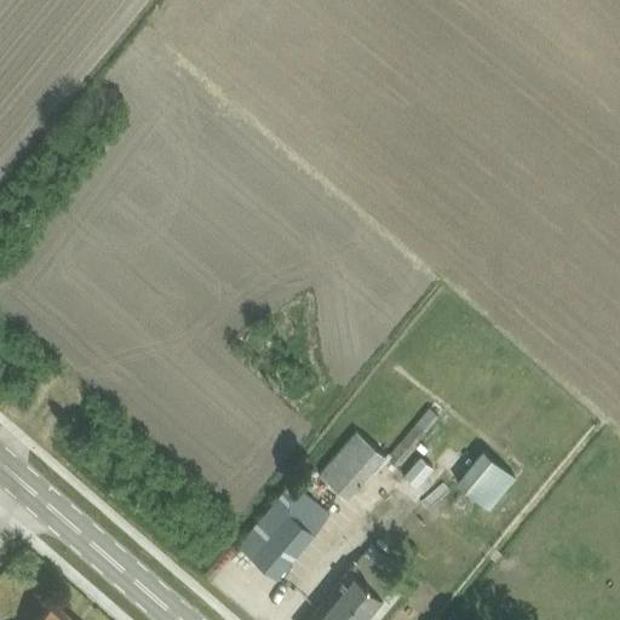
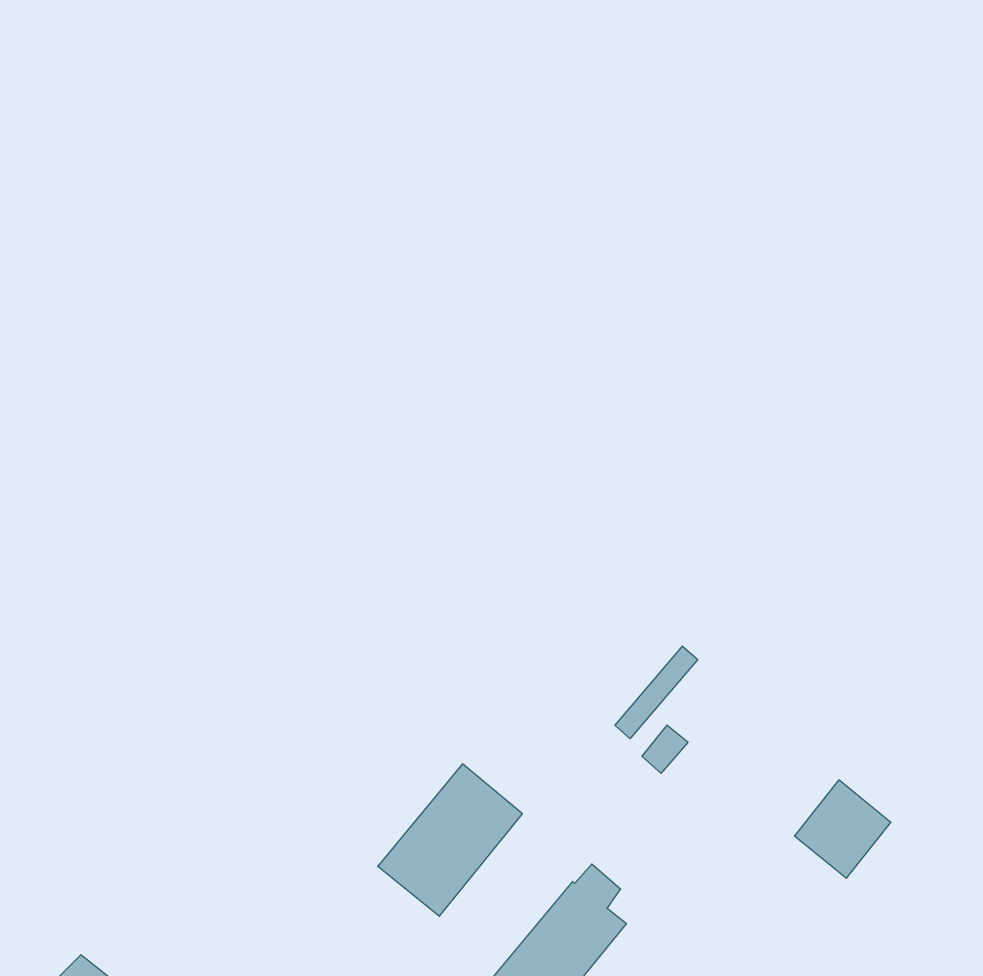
building: [317,435,384,504] -> none
building: [453,454,513,516] -> [795,780,891,878]

